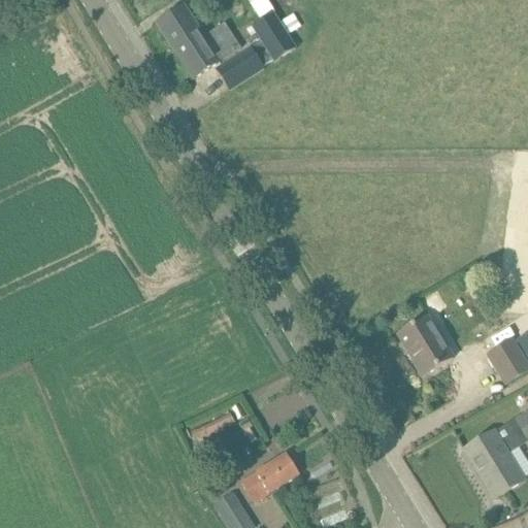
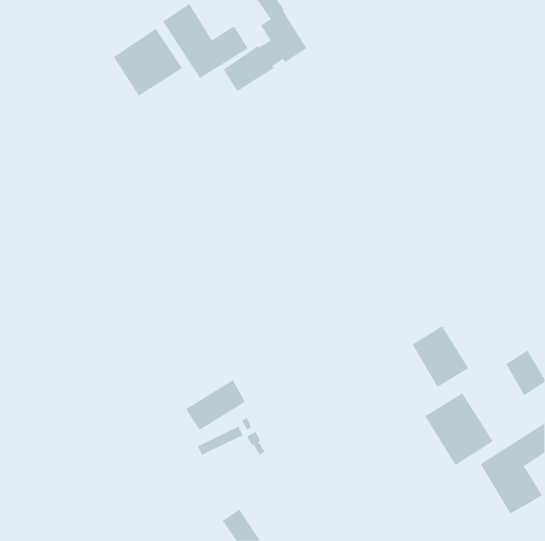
building: none -> [113,28,183,97]
building: none -> [425,392,493,466]
building: [240,452,299,501] -> [185,379,246,431]

